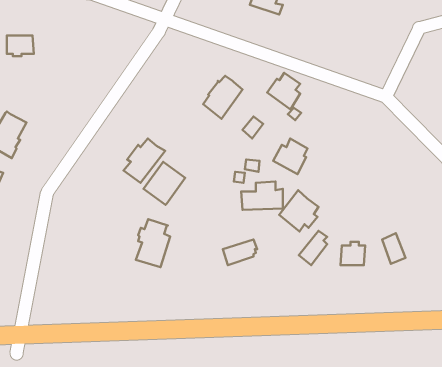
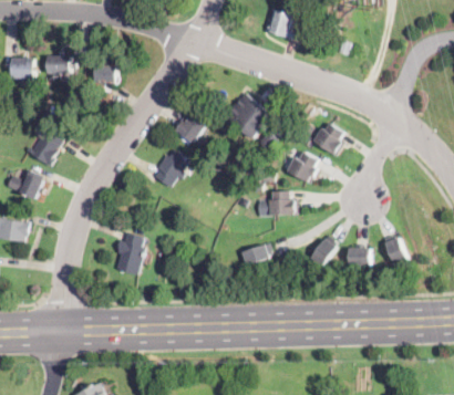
building: none -> [91,63,116,89]
building: [267,73,300,110] -> [313,122,343,155]
building: [143,162,185,205] -> [173,105,210,144]
building: [279,190,318,231] -> none
building: [136,219,170,267] -> [114,233,145,277]

